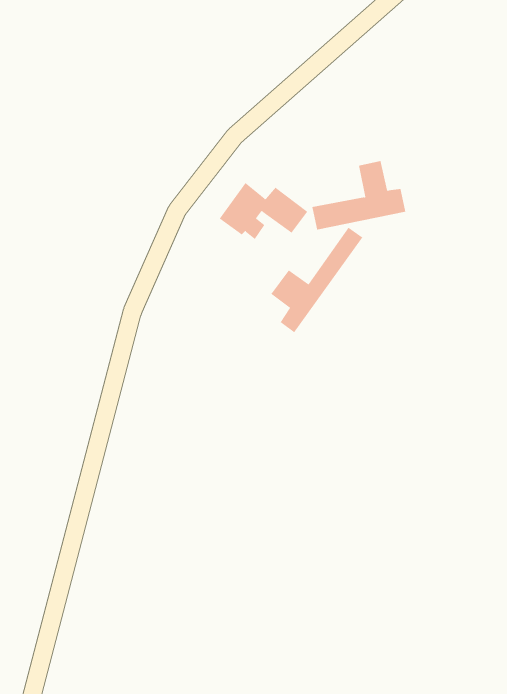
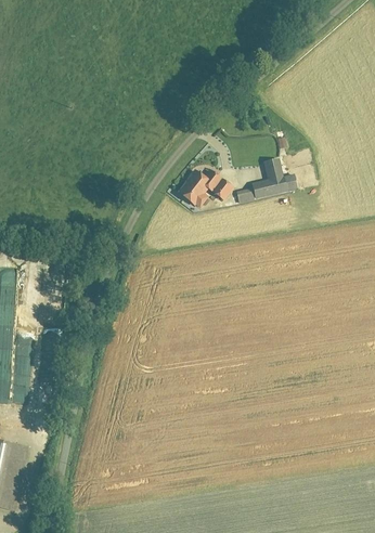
building: [271,227,363,333] -> none

